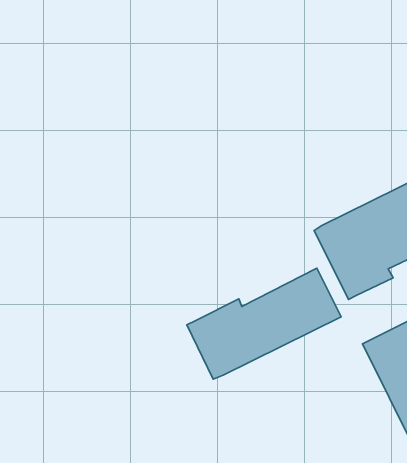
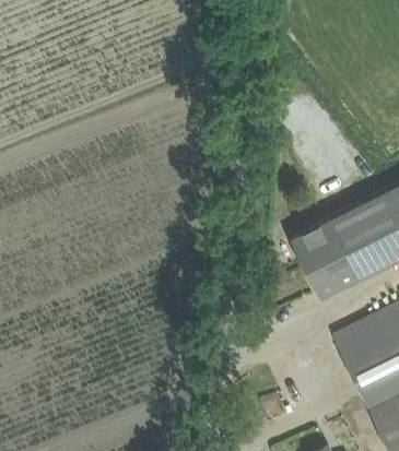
building: [187,268,341,379] -> none

